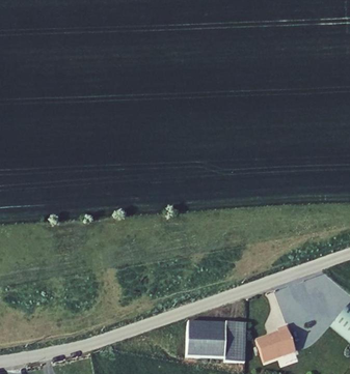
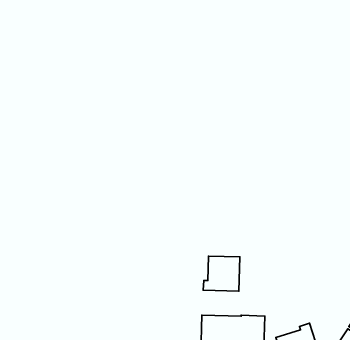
building: none -> [203,256,240,291]

